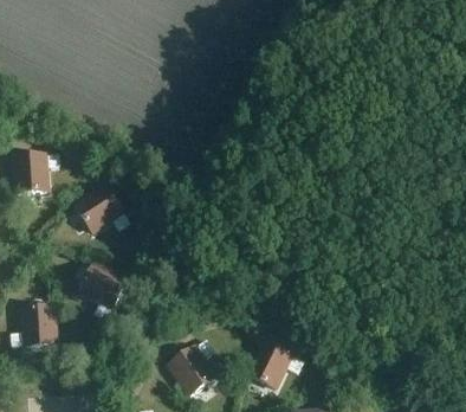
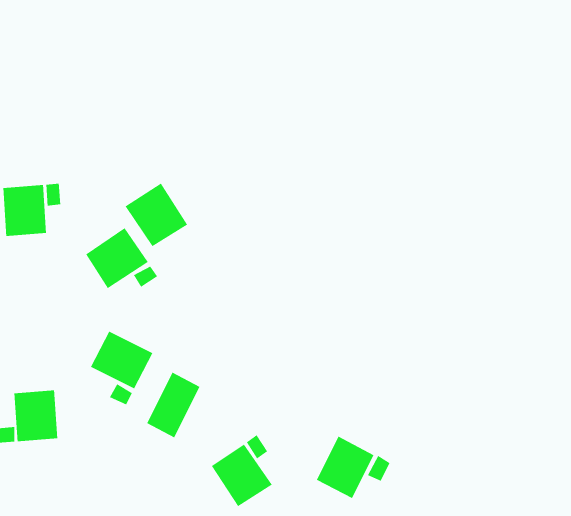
building: none -> [125,182,188,247]
building: none -> [146,372,200,439]

